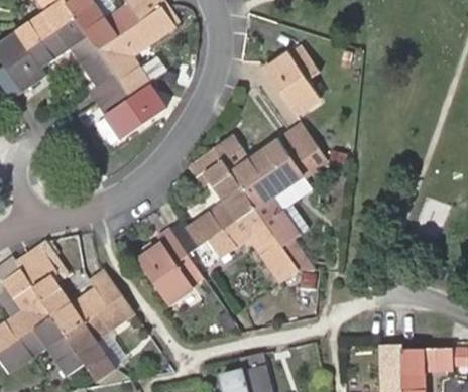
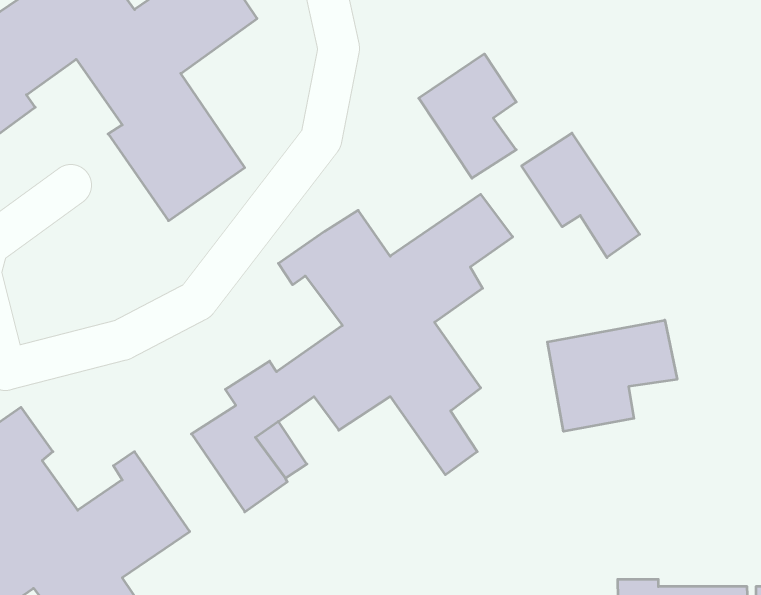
building: none -> [522,133,640,258]
building: none -> [547,320,677,431]

